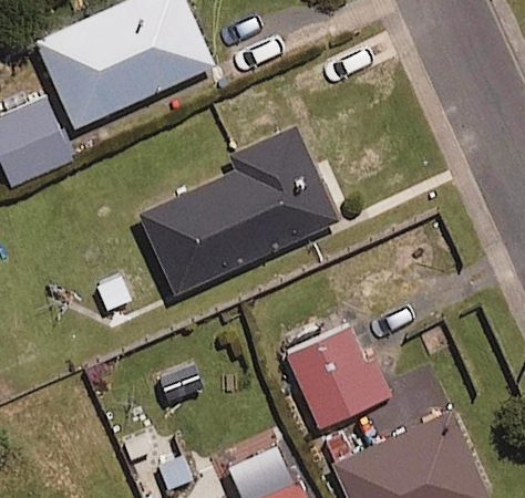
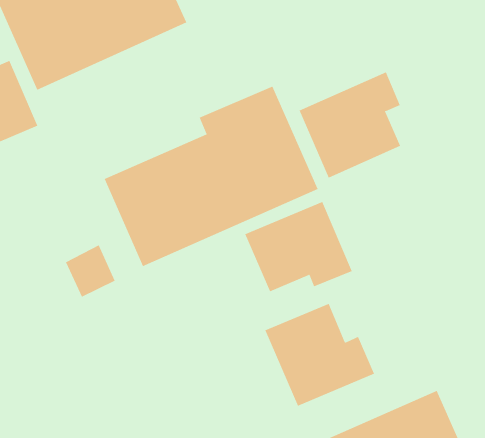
building: none -> [299,72,401,179]
building: none -> [245,201,352,292]

